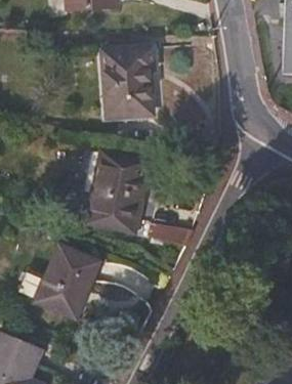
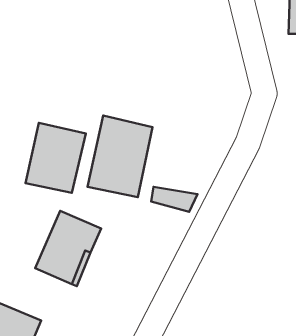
building: [101,45,154,117] -> none
building: none -> [25,123,86,193]

